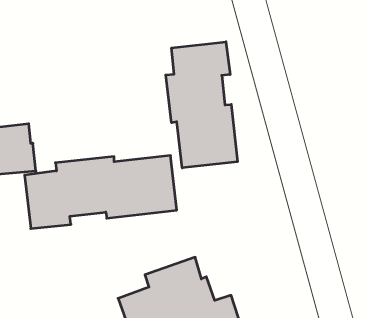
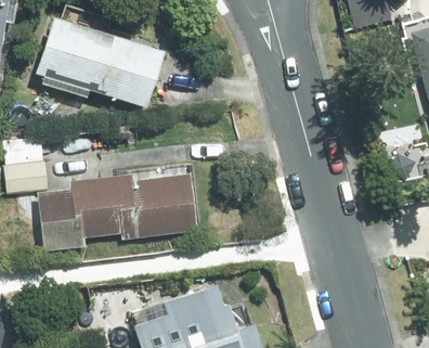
building: none -> [32,17,161,108]
building: [166,42,237,168] -> none

